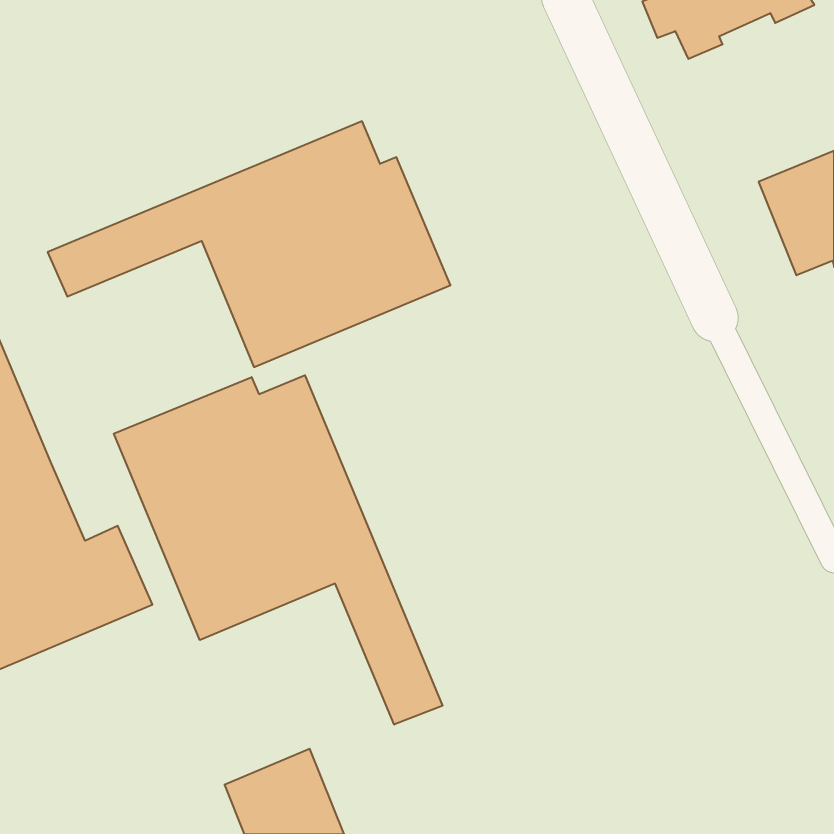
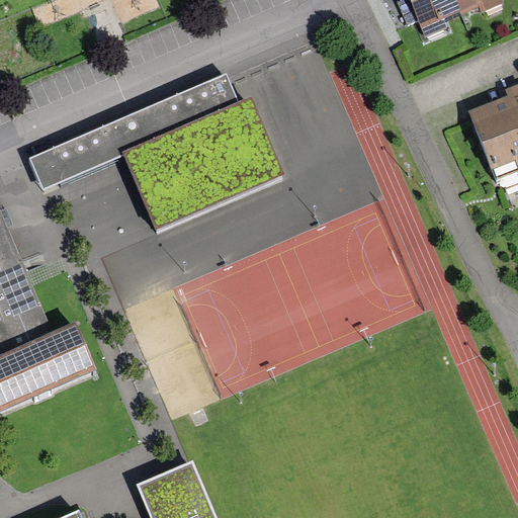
building: [114,375,443,725] -> none

